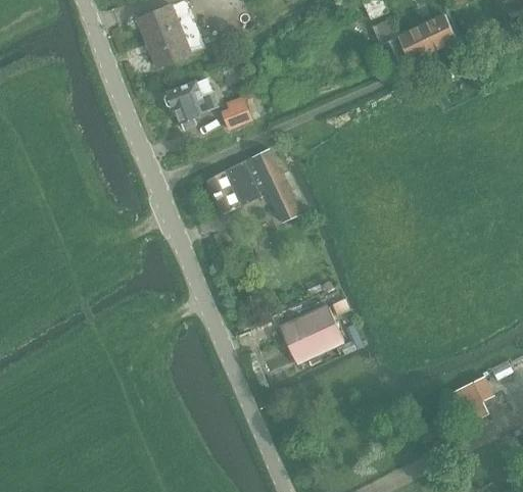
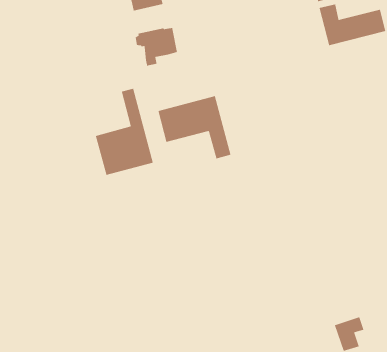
building: [221,95,252,130] -> none
building: none -> [95,88,154,176]
building: [285,306,343,359] -> none

